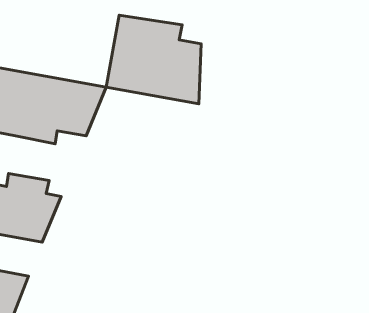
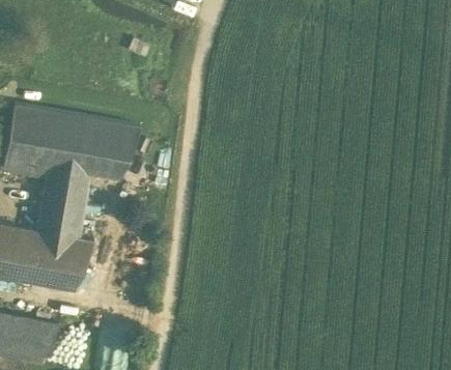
building: [106,15,201,104] -> none
building: none -> [38,178,87,225]

